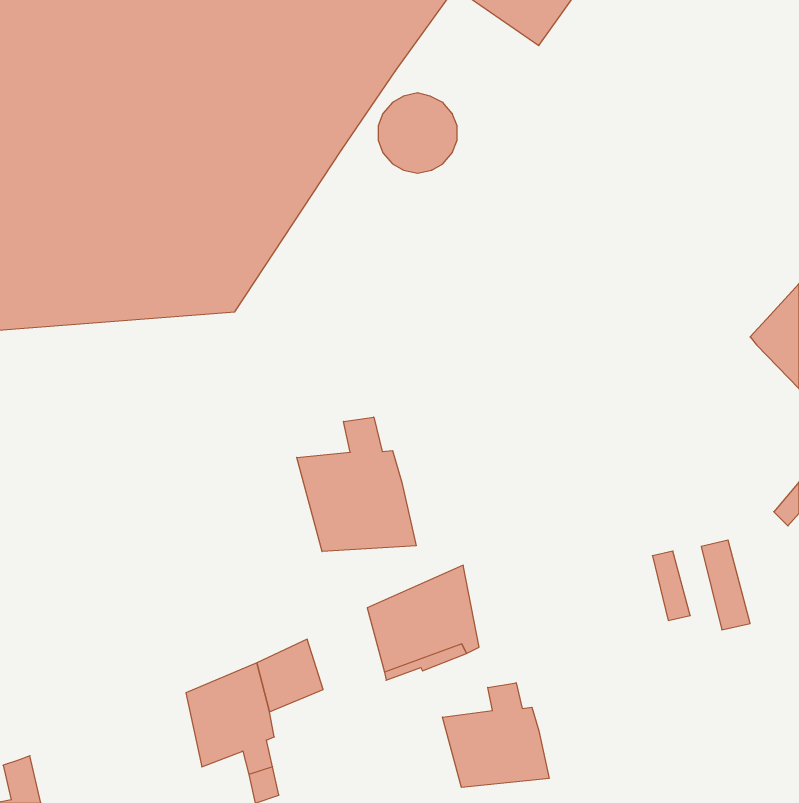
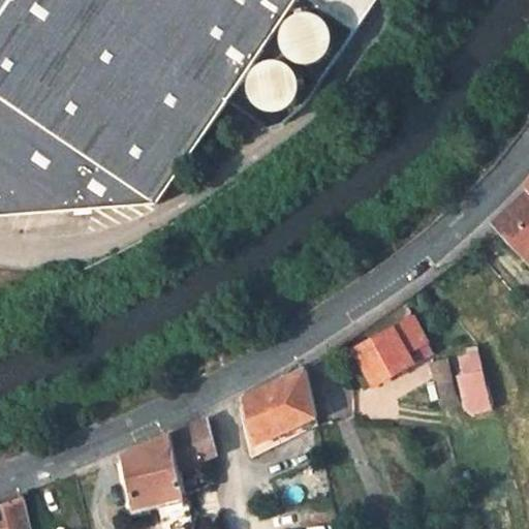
building: none -> [280,13,332,66]
building: [297,417,416,552] -> none
building: none -> [351,316,423,382]
building: [442,683,549,787] -> none

